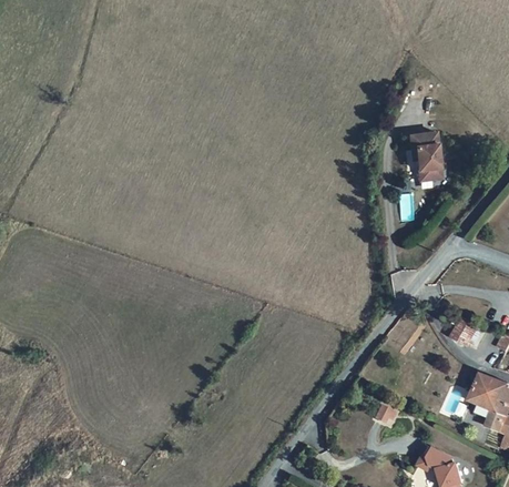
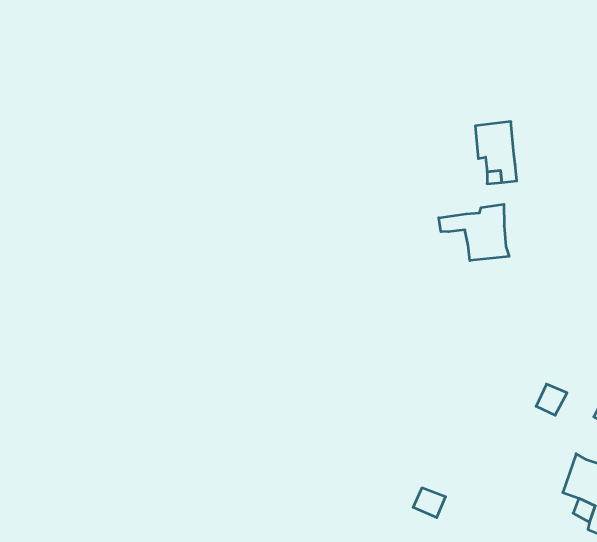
building: none -> [439,204,509,261]

